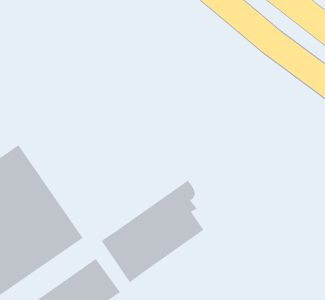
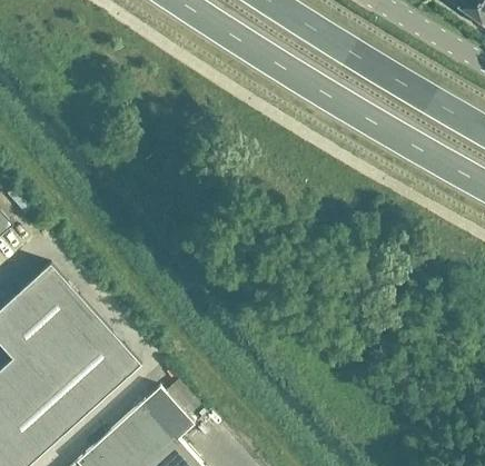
building: [101,179,204,283] -> none

